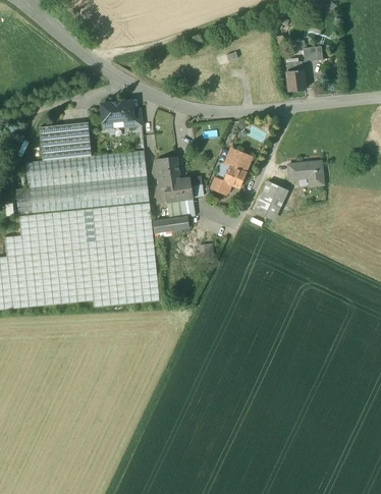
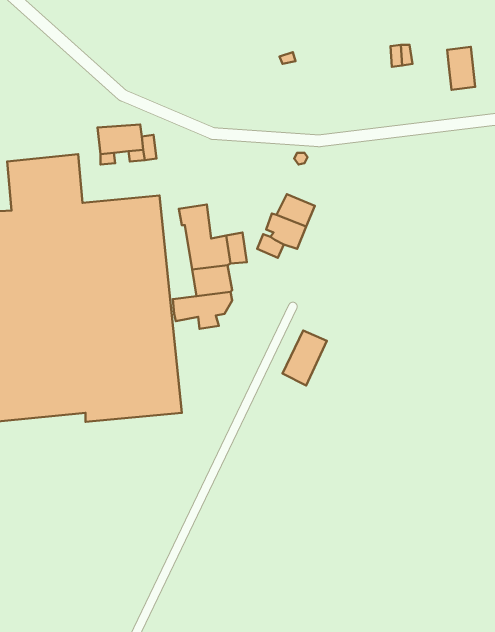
building: [285,60,305,90] -> [447,47,475,90]
building: [287,160,323,185] -> none
building: [253,180,283,218] -> [283,331,327,385]

